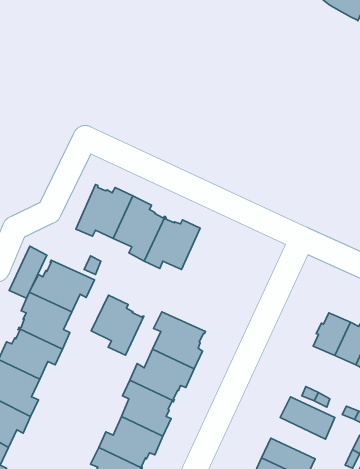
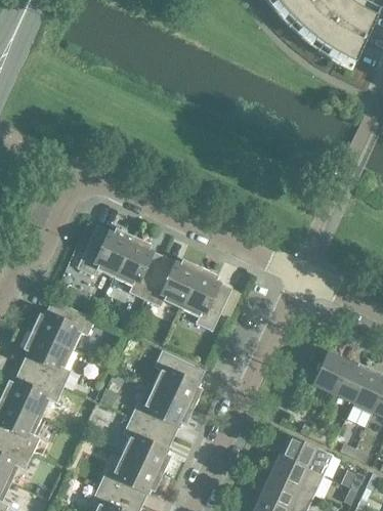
building: none -> [180,267,231,331]
building: [9,246,47,298] -> none
building: [91,295,144,355] -> none
building: none -> [268,455,323,496]

